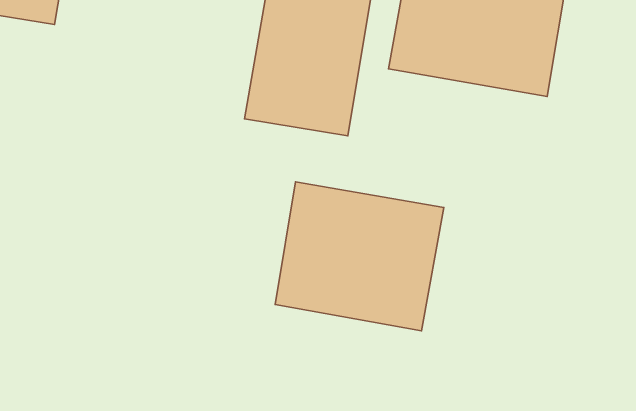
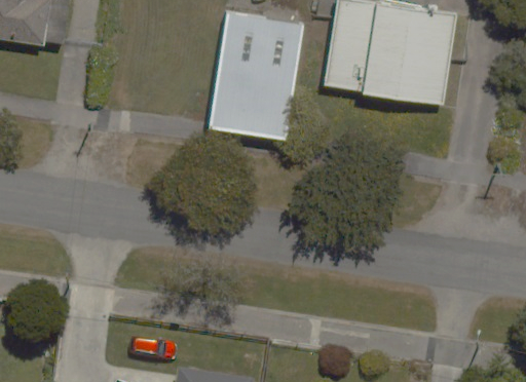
building: [275,182,444,331] -> none

